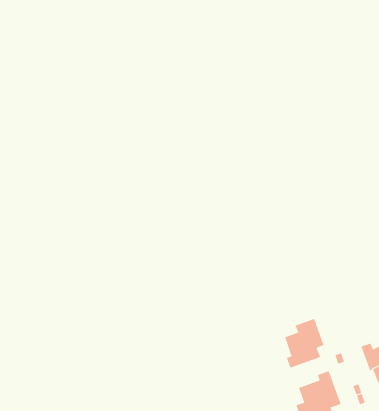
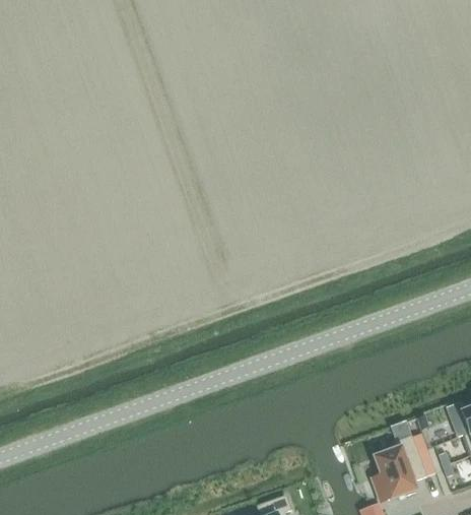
building: [284,318,324,369] -> none

